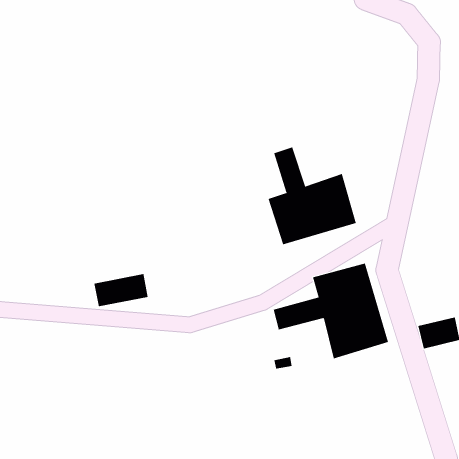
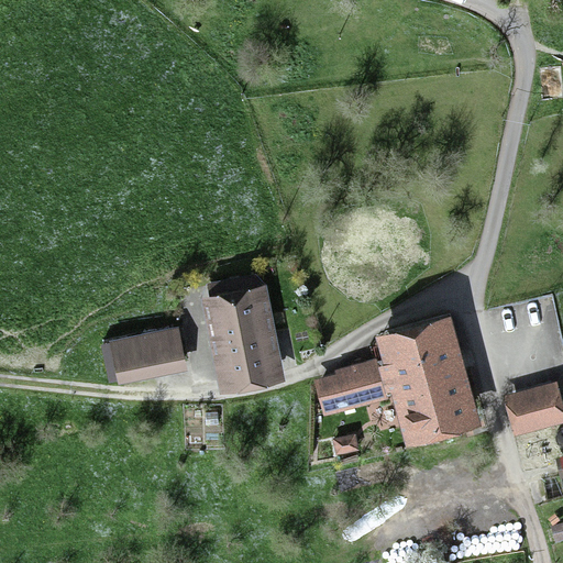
building: [268,146,356,245] -> none
building: none -> [206,274,275,384]

